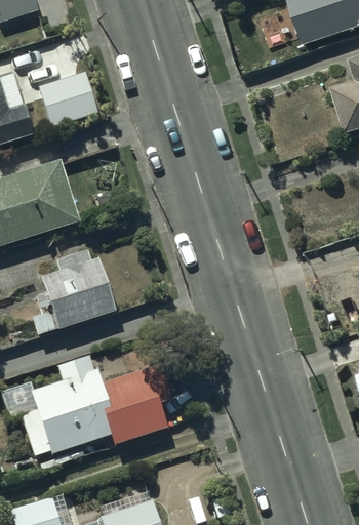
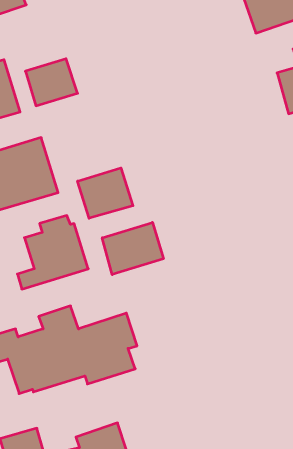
building: none -> [78,168,133,218]
building: none -> [102,222,163,275]

